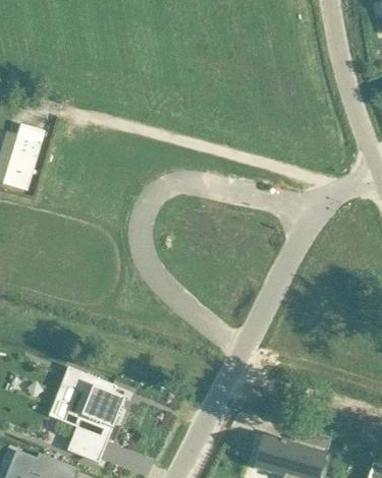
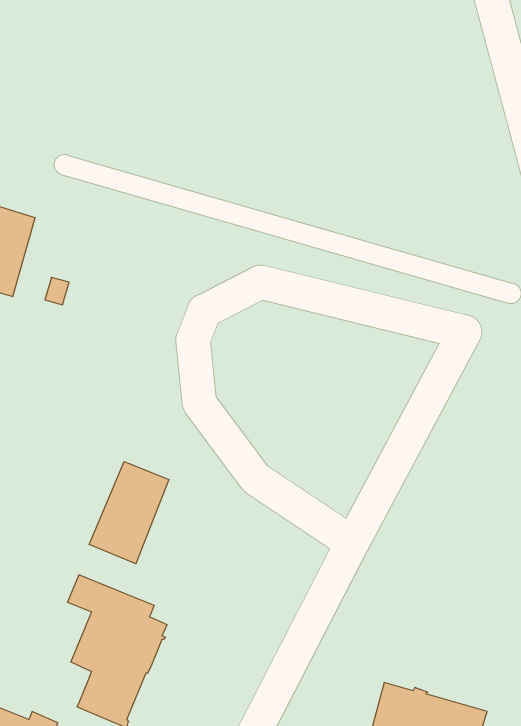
building: none -> [89,462,169,564]

